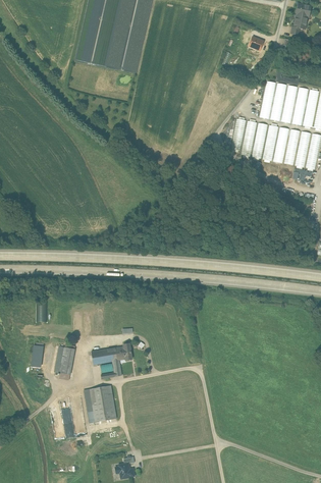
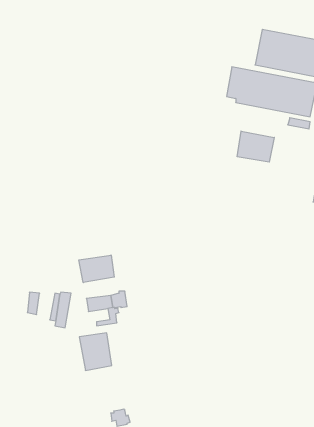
building: none -> [237,131,274,162]
building: none -> [79,255,114,283]

